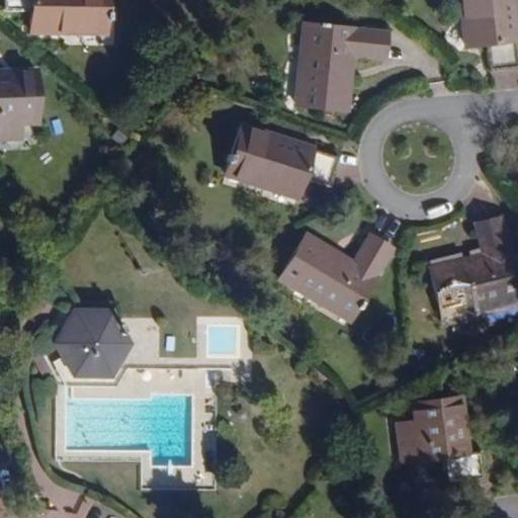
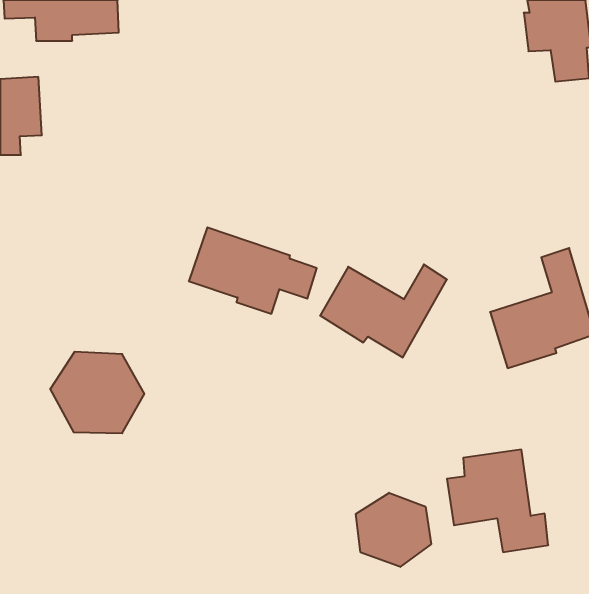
building: [292,17,402,111] -> none
building: [225,124,336,199] -> [189,227,317,314]
building: none -> [356,493,431,567]

